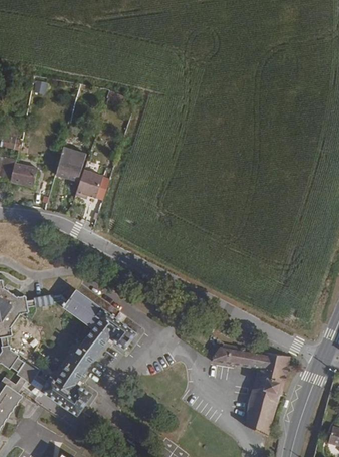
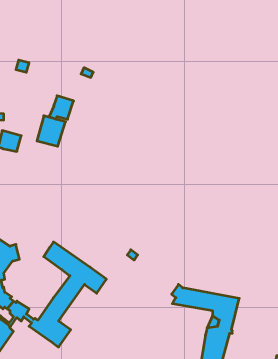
building: [72,169,100,196] -> [49,96,74,119]

